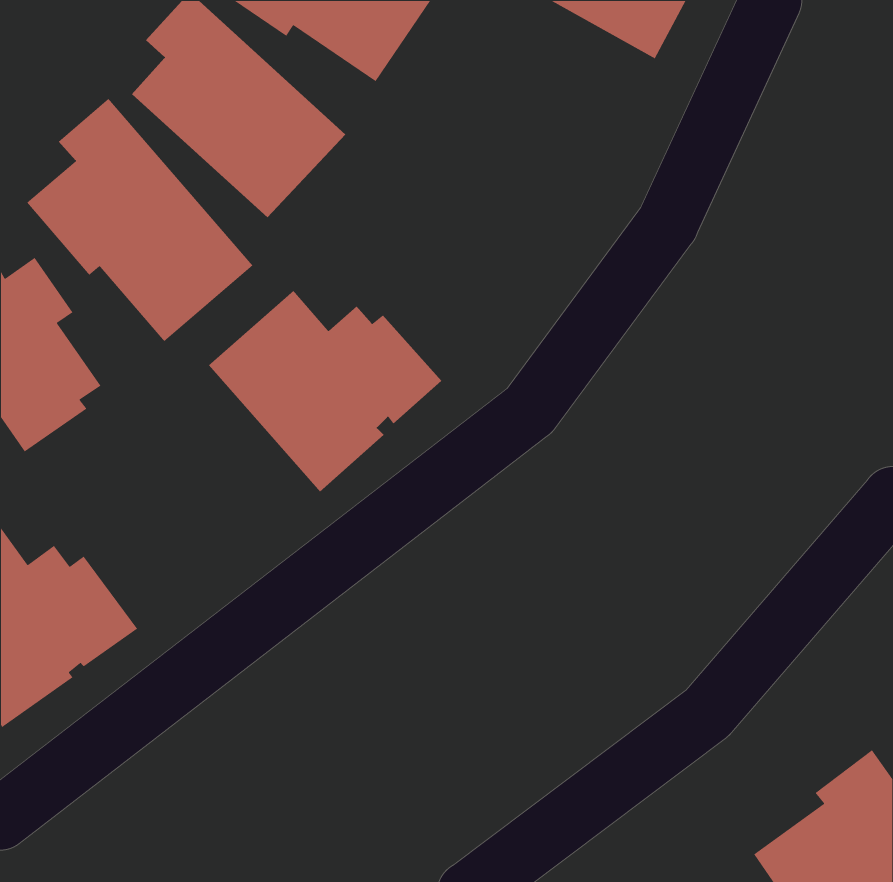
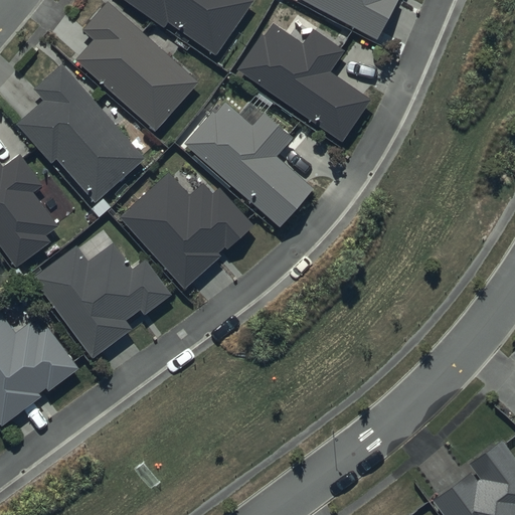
building: none -> [237,22,373,144]
building: none -> [184,103,314,227]
building: none -> [32,242,171,358]

